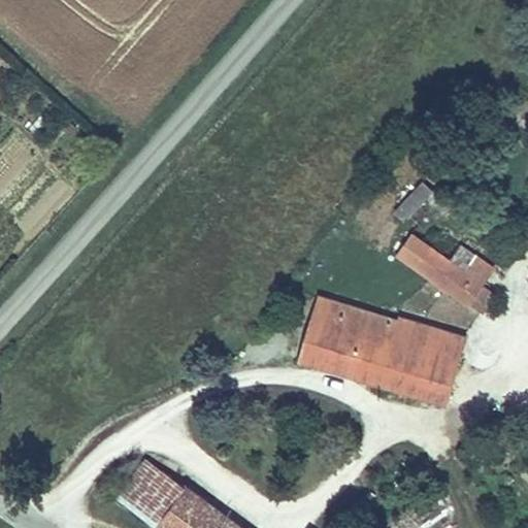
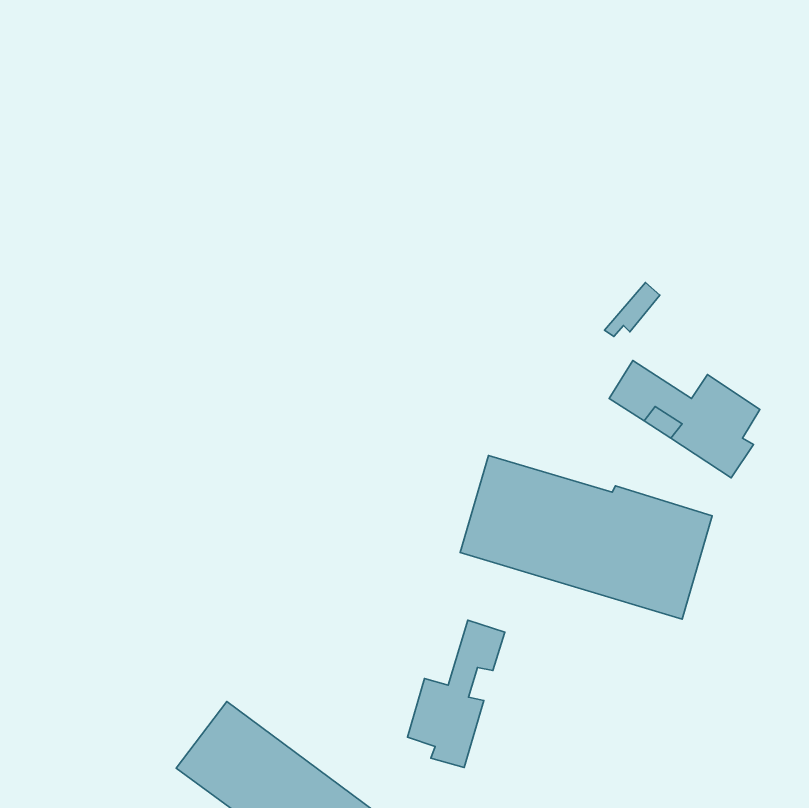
building: none -> [408,620,505,768]

